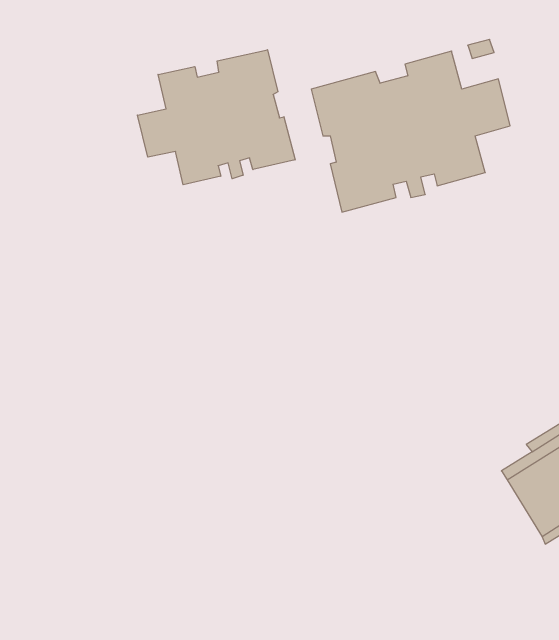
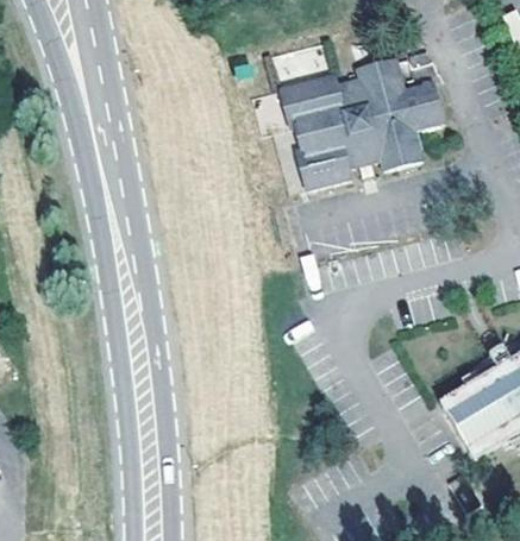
building: [137,50,295,185] -> none

